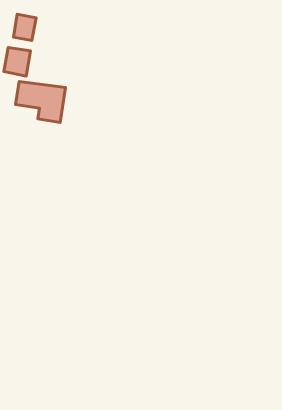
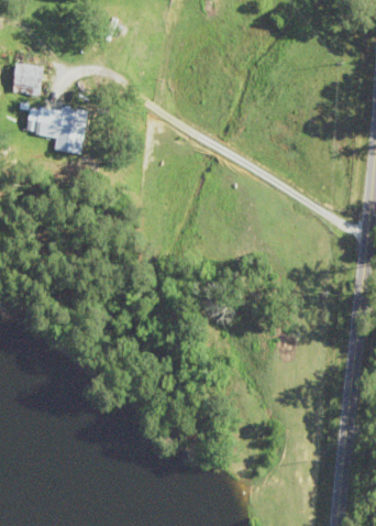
building: [13,14,36,40] -> none

